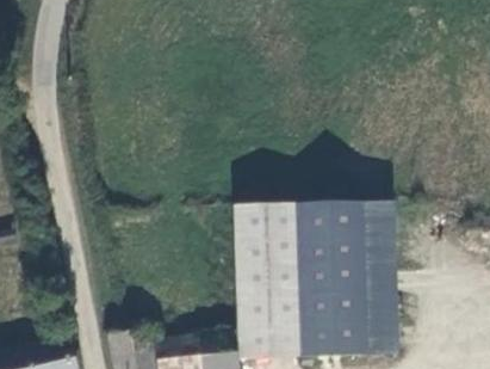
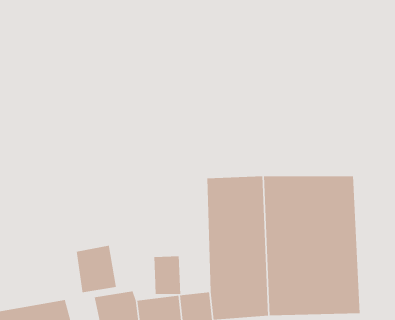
building: none -> [76,245,116,293]
building: none -> [154,256,181,295]

